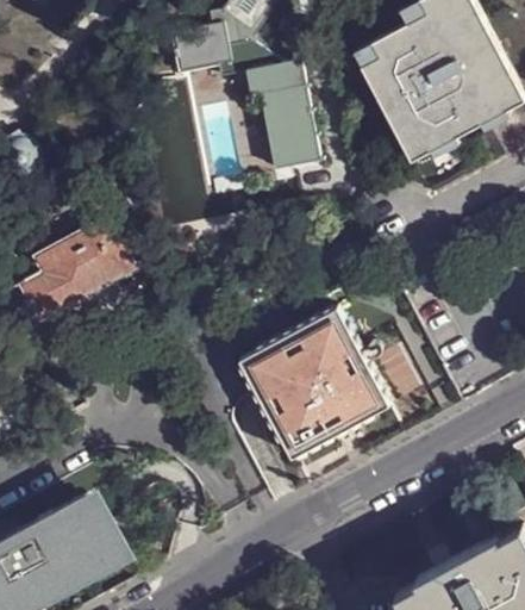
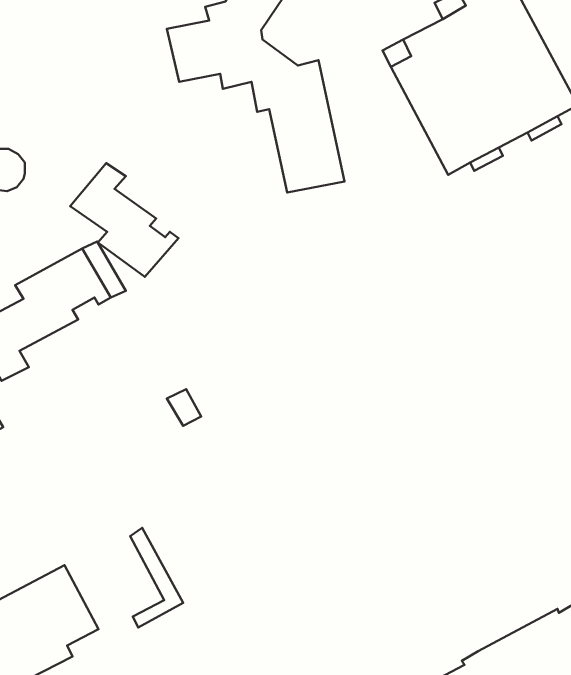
building: none -> [70,163,179,277]
building: [237,307,389,460] -> none
building: [76,494,123,581] -> [130,528,183,628]

